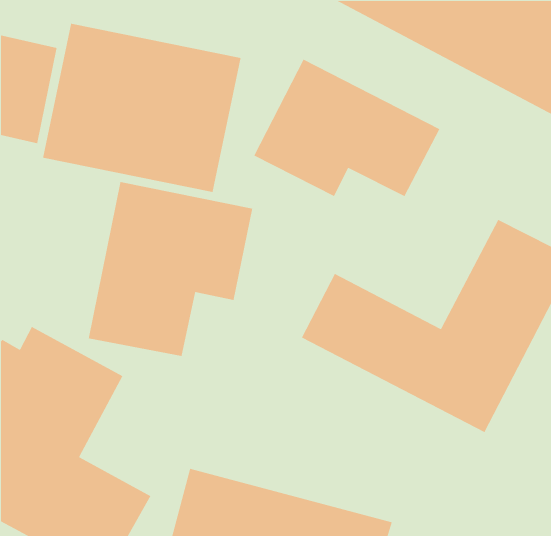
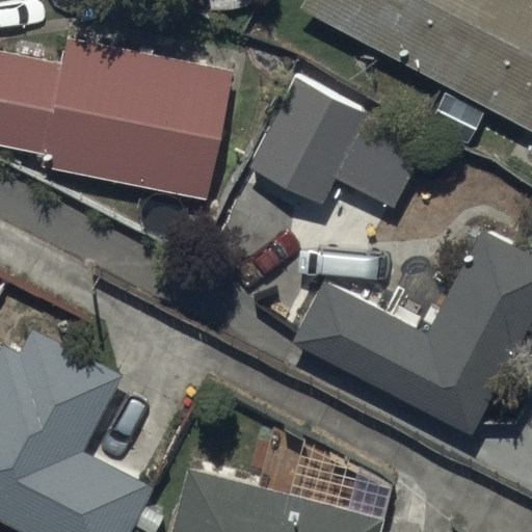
building: [88,181,253,357] -> none

